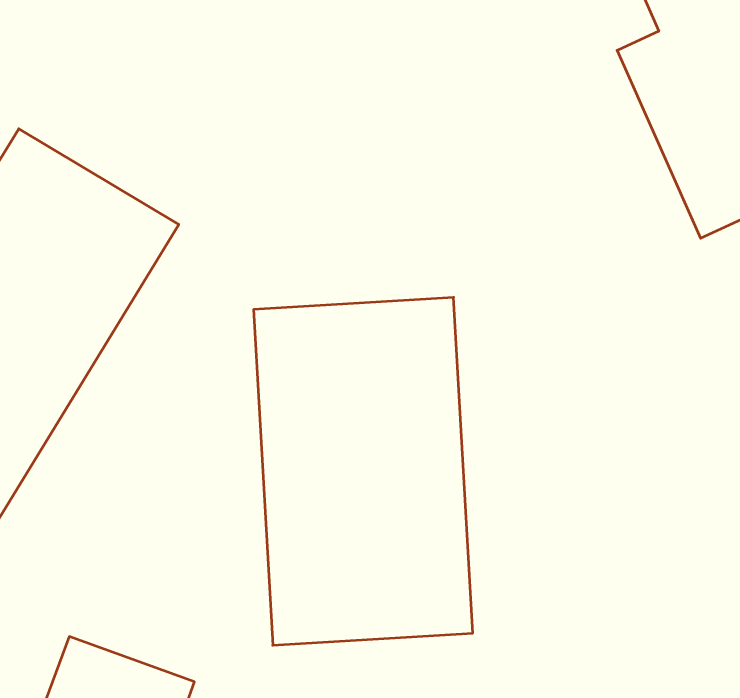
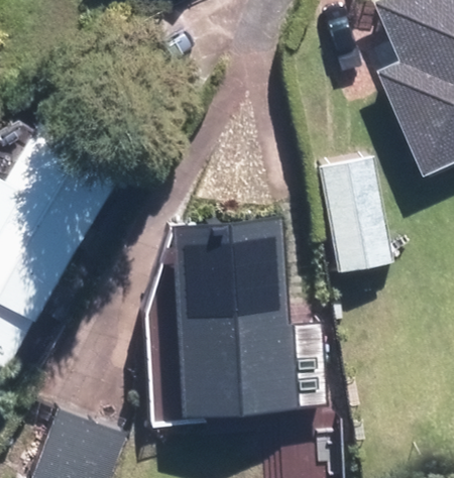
building: none -> [319,158,391,273]

